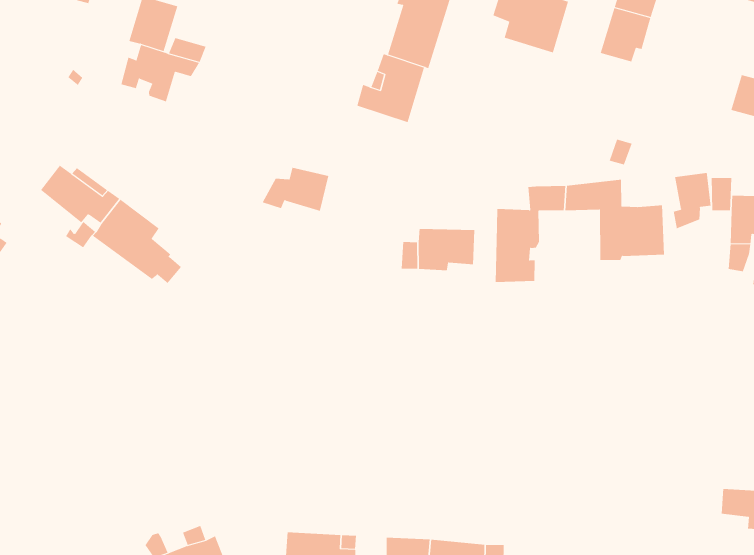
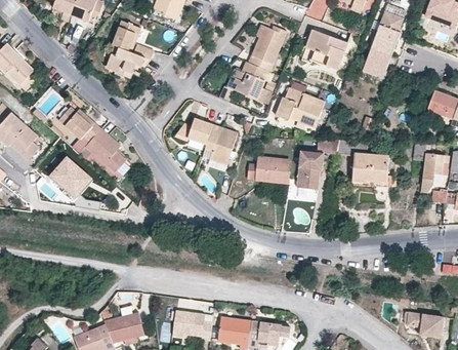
building: none -> [276,87,325,127]
building: [673,172,711,229] -> none
building: none -> [206,124,238,164]
building: none -> [47,155,93,201]

